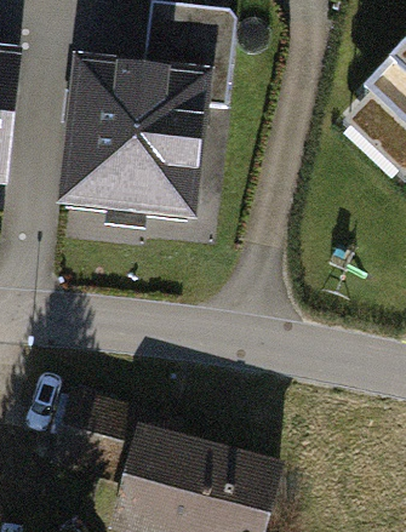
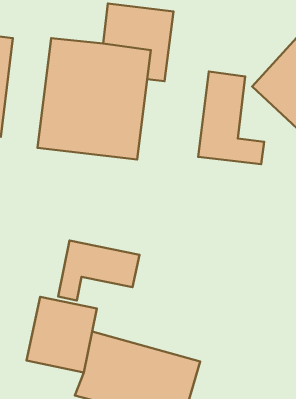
building: none -> [198,72,264,164]
building: none -> [58,240,140,301]

